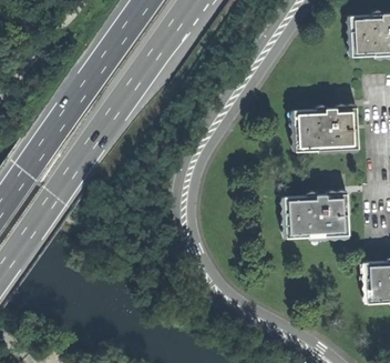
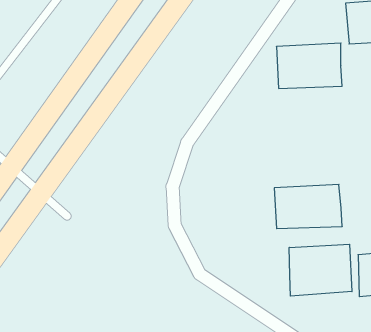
building: [295,107,359,151] -> [276,43,342,88]
building: none -> [289,244,352,296]

